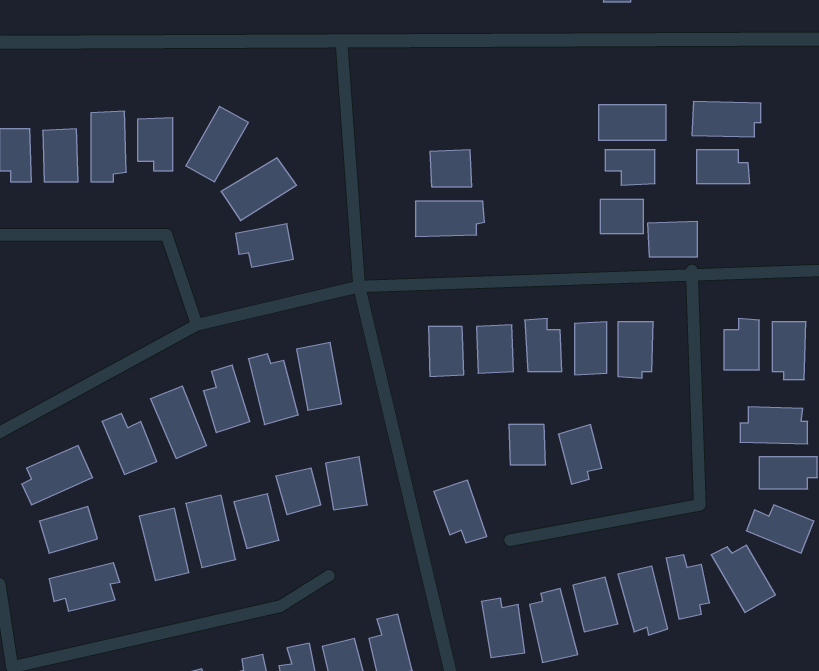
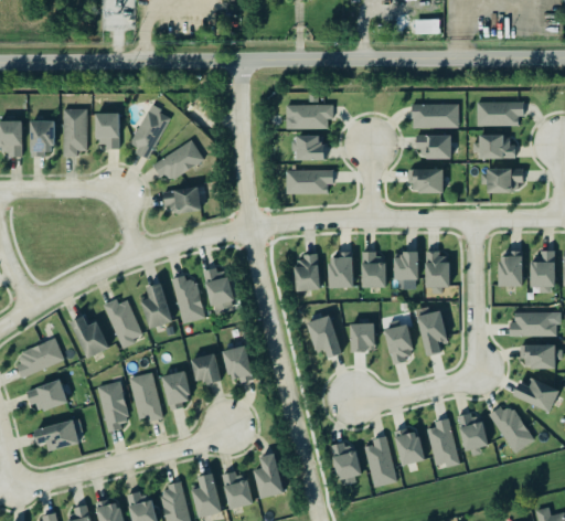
building: none -> [286,104,333,129]
building: [648,222,697,257] -> [487,168,521,192]
building: none -> [416,310,448,357]
building: [434,480,487,543] -> [306,315,342,358]

